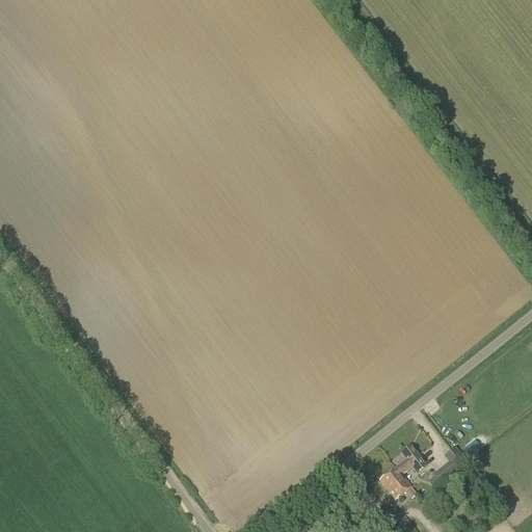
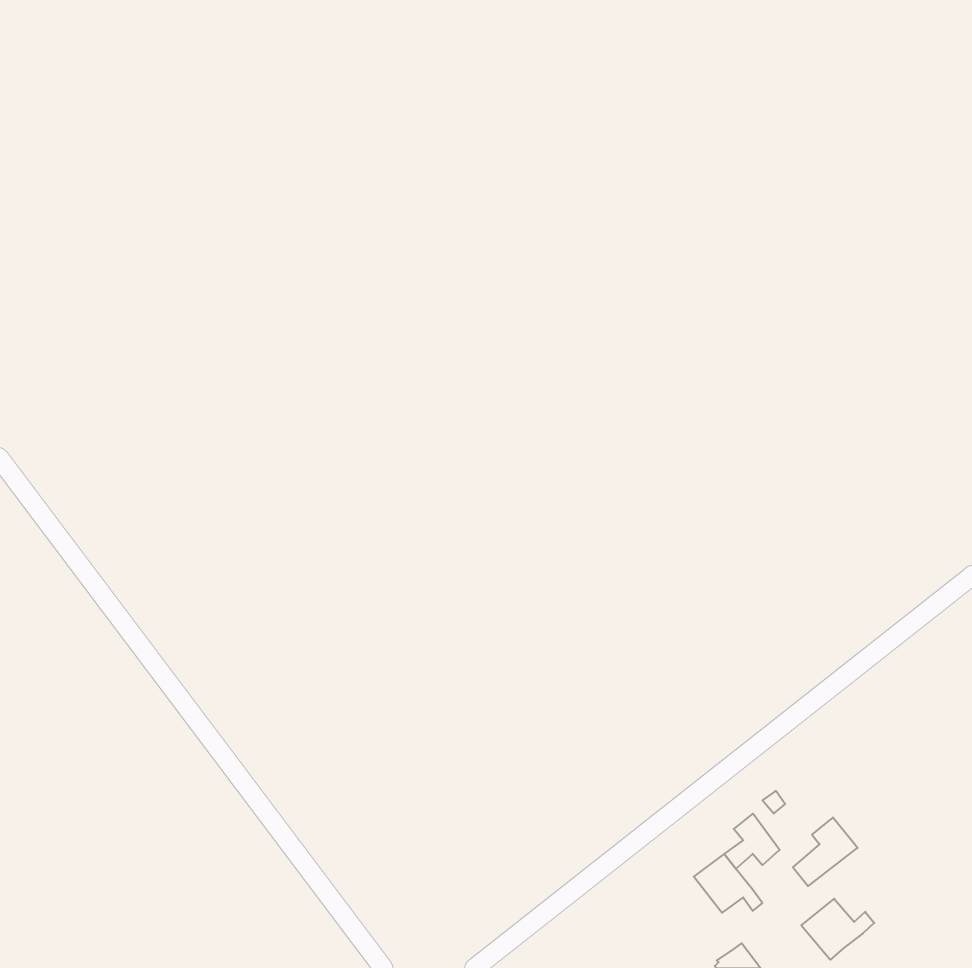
building: none -> [801,899,874,960]

